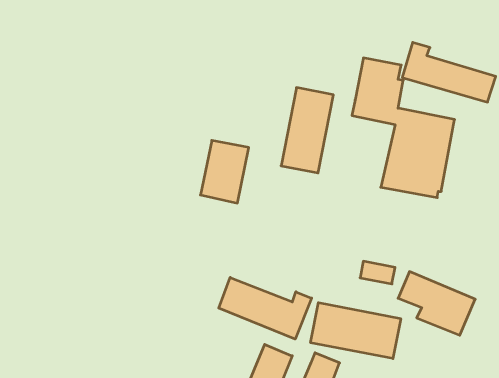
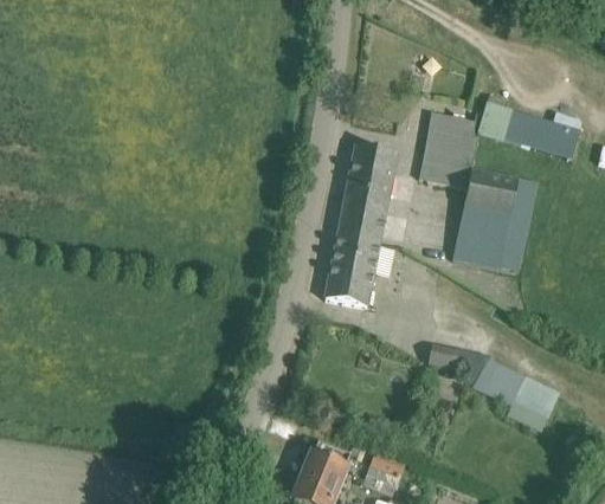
building: [200,140,249,203] -> [323,234,379,306]
building: [219,277,312,339] -> none
building: [311,303,401,359] -> none

